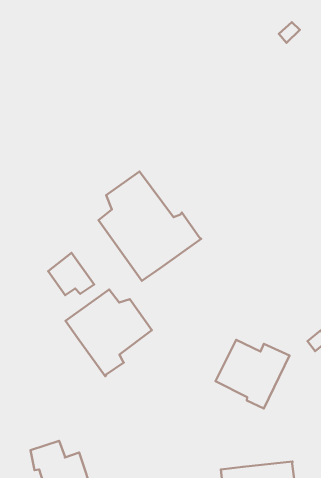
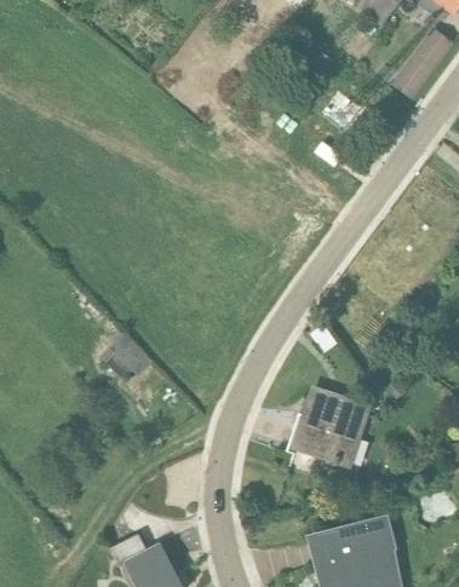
building: [98,171,201,281] -> none
building: [66,290,152,376] -> none

